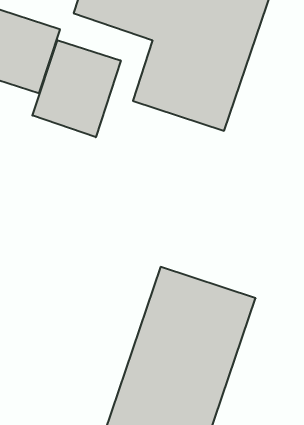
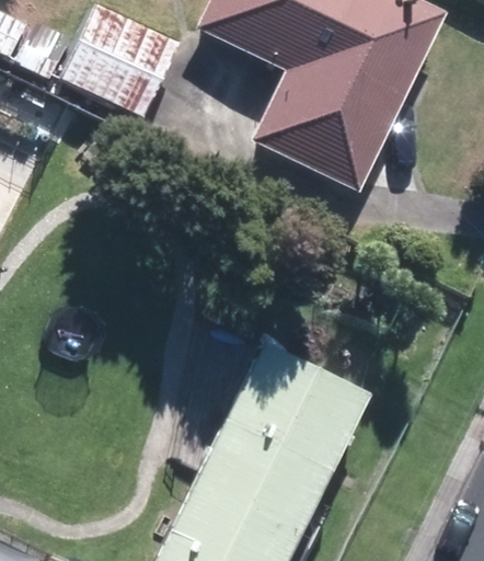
building: [32,40,121,137] -> none

